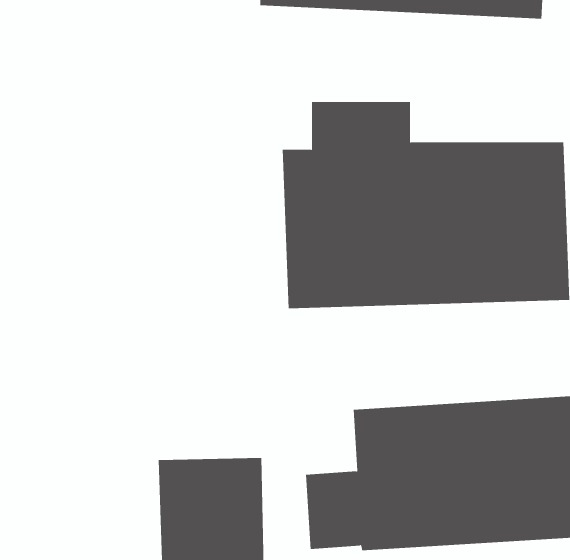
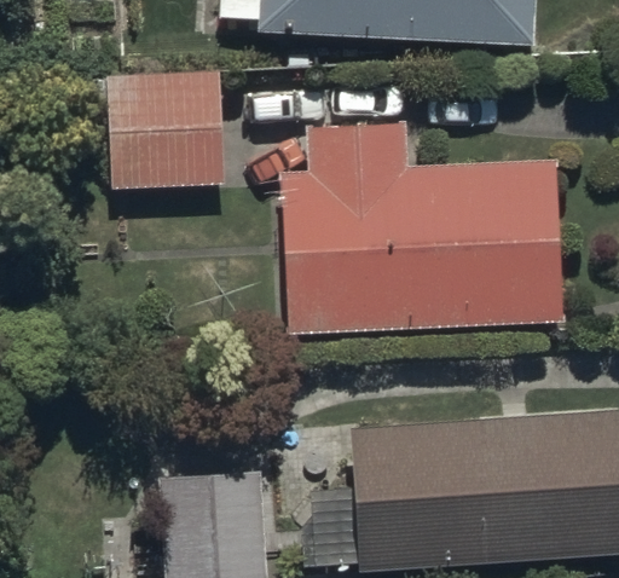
building: none -> [109,73,222,184]

